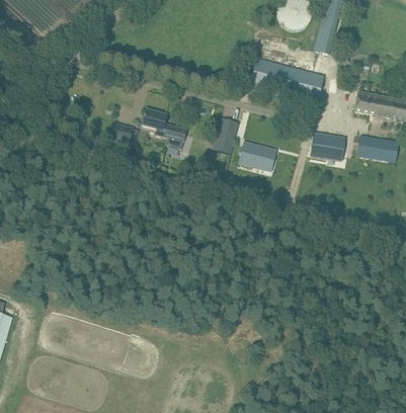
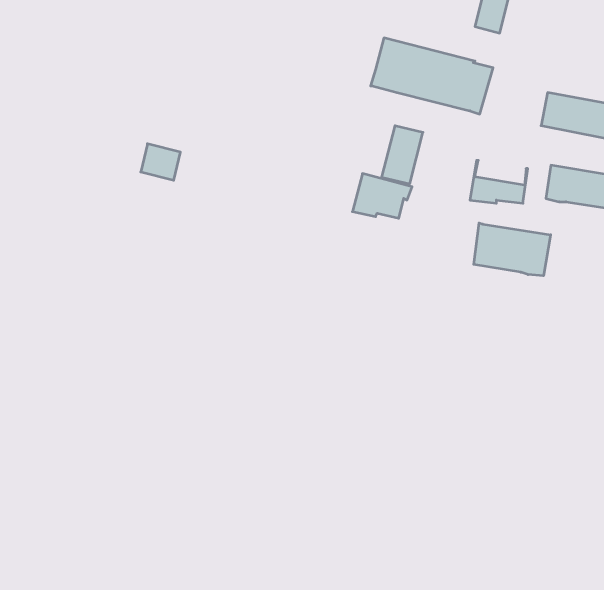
building: [142,108,186,148] -> none
building: [213,117,238,153] -> [382,126,423,184]
building: none -> [474,223,551,276]

